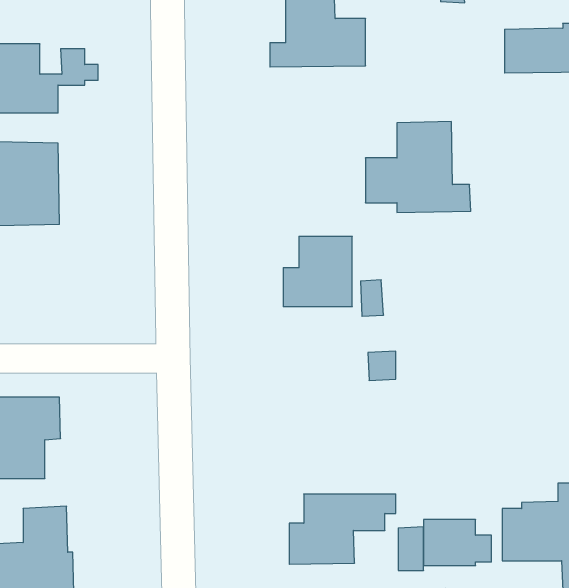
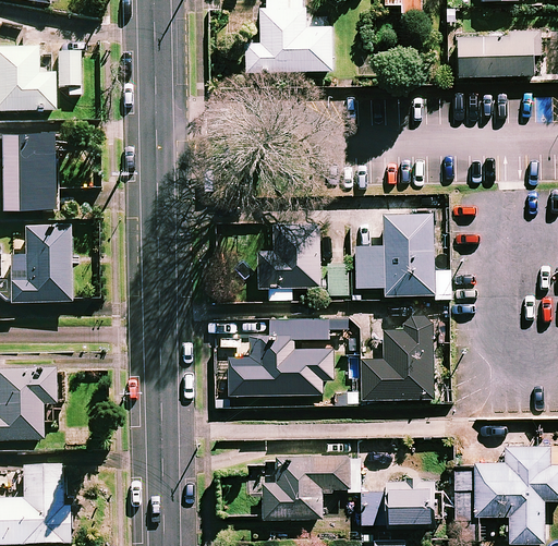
building: [365,122,471,212] -> [356,214,451,295]
building: none -> [12,228,72,304]
building: none -> [363,316,434,400]
building: none -> [229,317,335,395]

